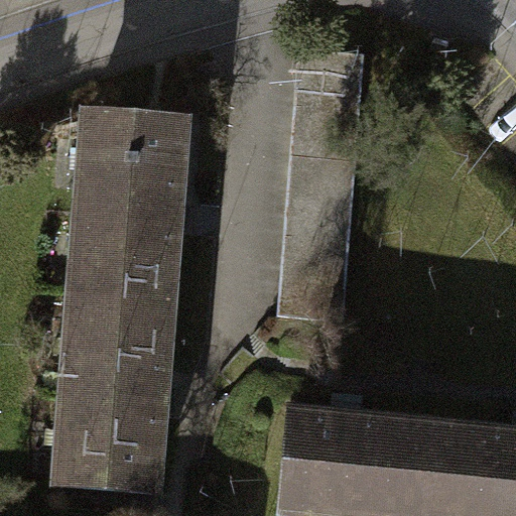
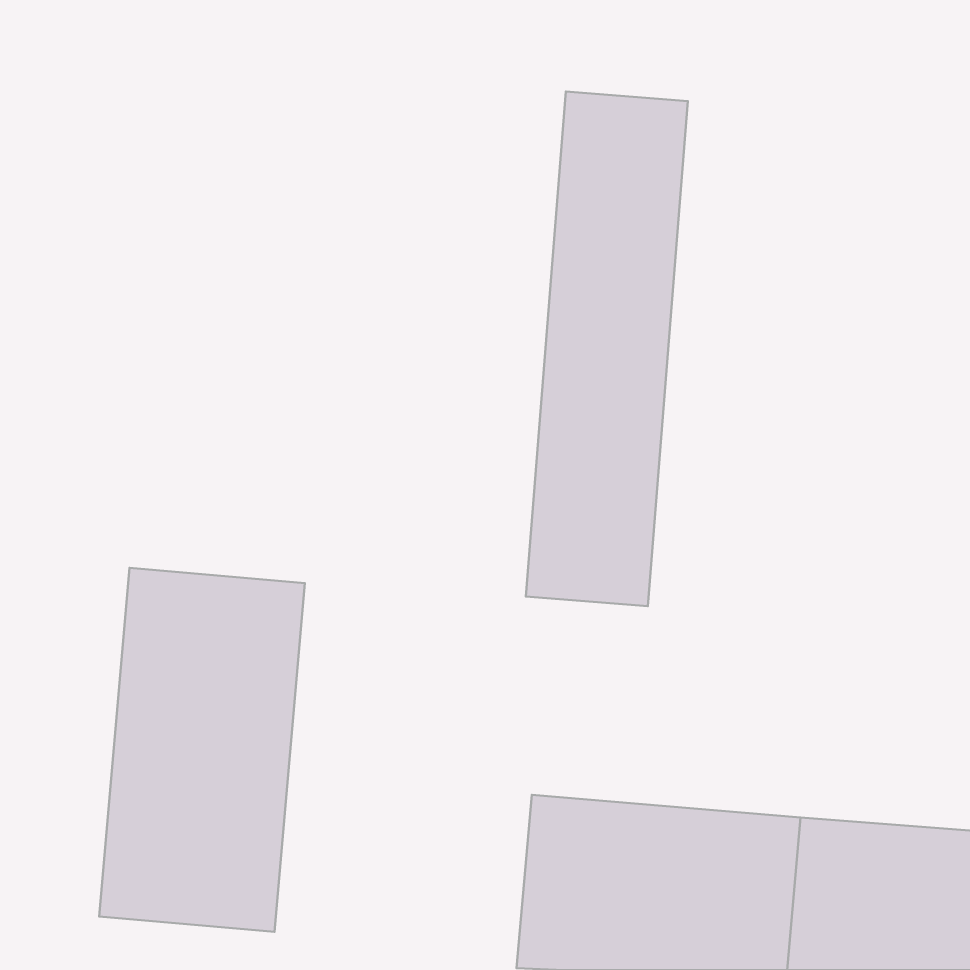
building: [71,117,180,308] -> none

